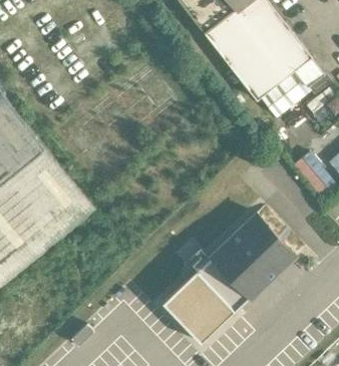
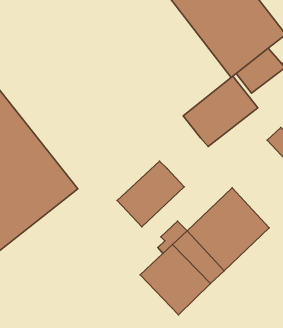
building: none -> [183,76,258,147]
building: none -> [117,161,184,227]

